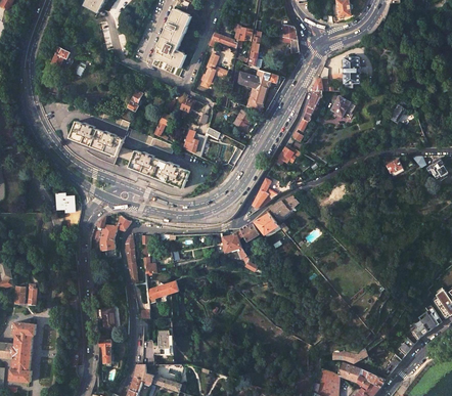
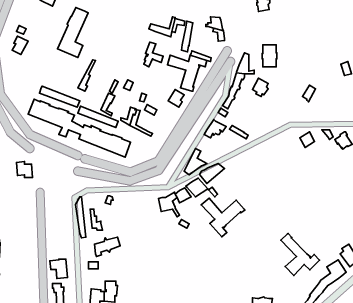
building: [154,9,190,68] -> [58,8,88,58]
building: [97,215,132,251] -> none
building: none -> [201,198,245,237]
building: none -> [281,233,319,275]

